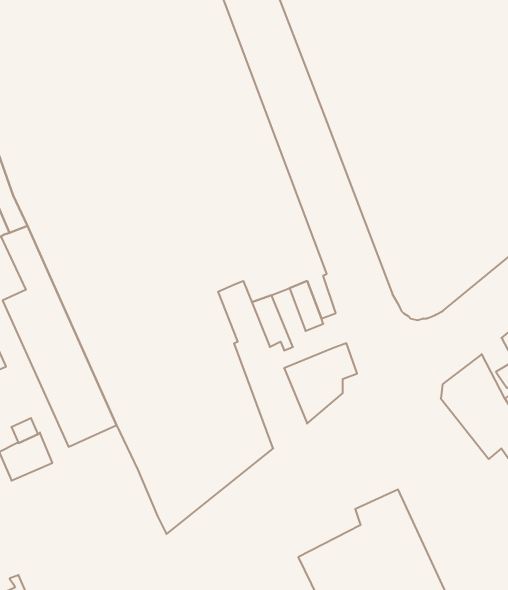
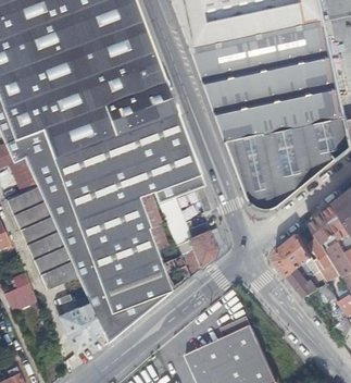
building: none -> [138,190,189,291]
building: none -> [59,304,101,354]

